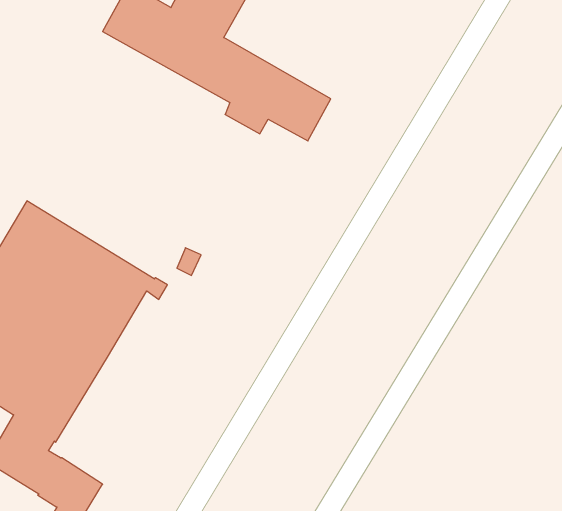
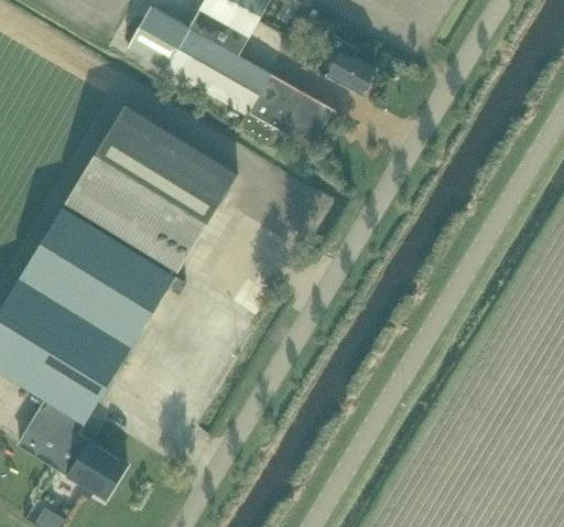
building: none -> [324,33,377,94]
building: none -> [67,107,235,266]

